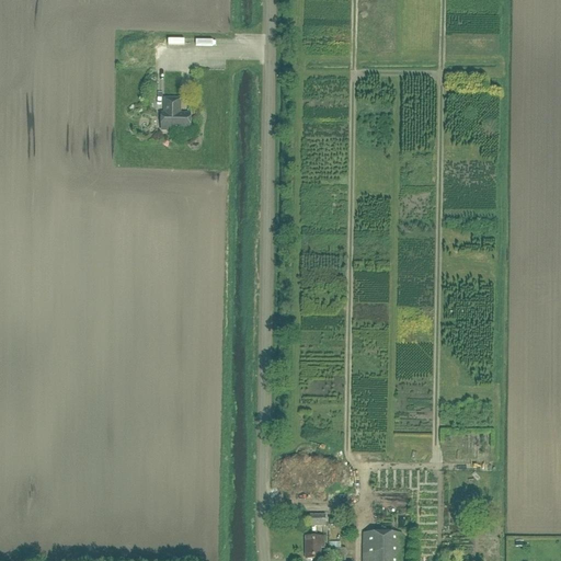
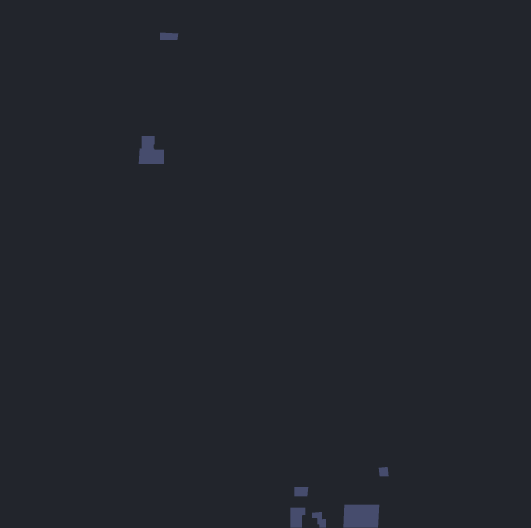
building: [160,96,188,127] -> [138,135,165,165]

